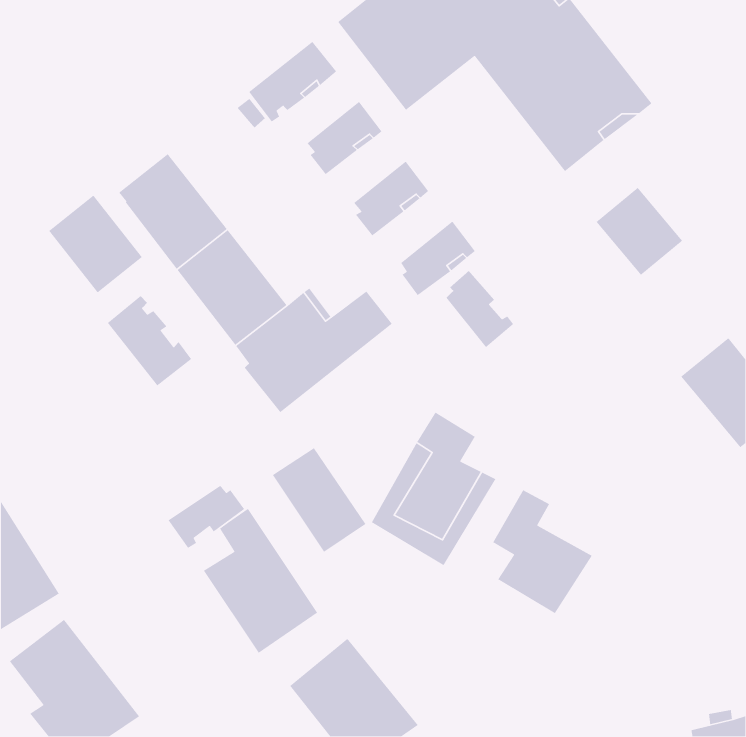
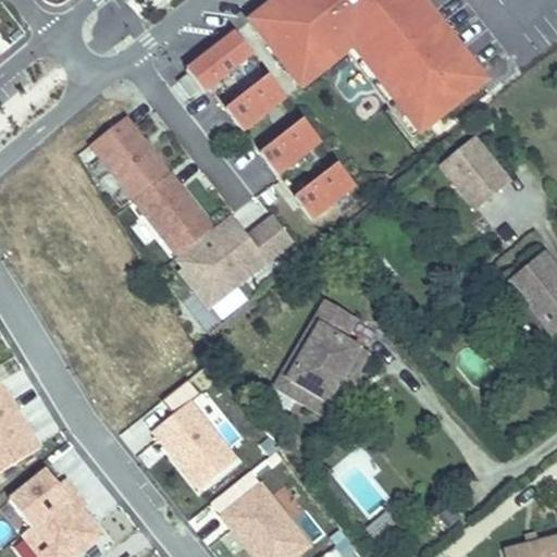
building: [48,195,143,293] -> none
building: [445,270,514,348] -> none
building: [107,295,192,386] -> none
building: [272,447,367,553] -> none
building: [168,485,245,549] -> none
building: [492,489,593,614] -> none

